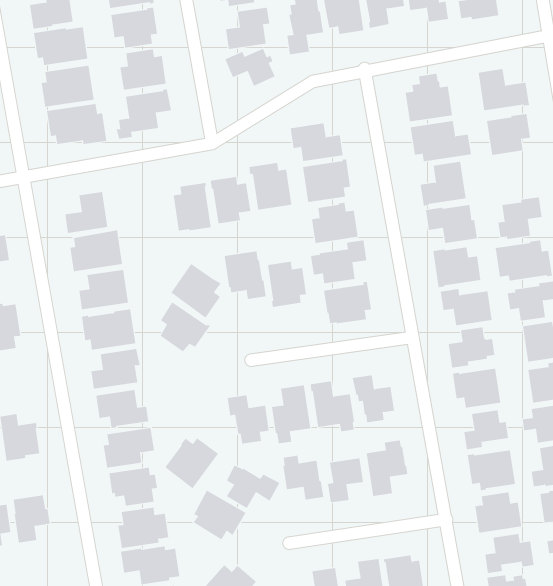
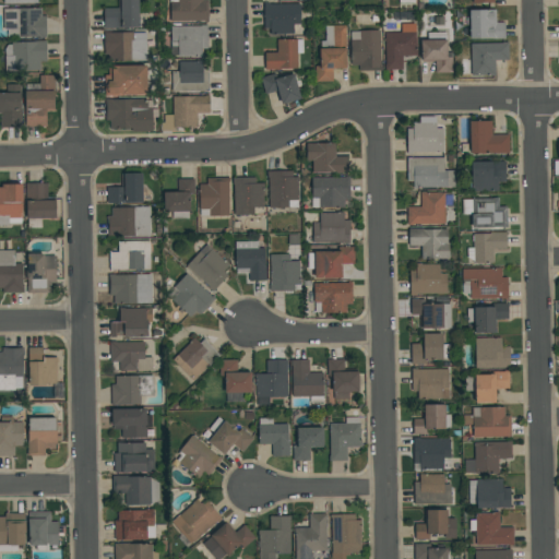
building: none -> [463,198,508,228]
building: none -> [164,178,195,218]
building: [165,437,219,489] -> [174,337,221,381]

